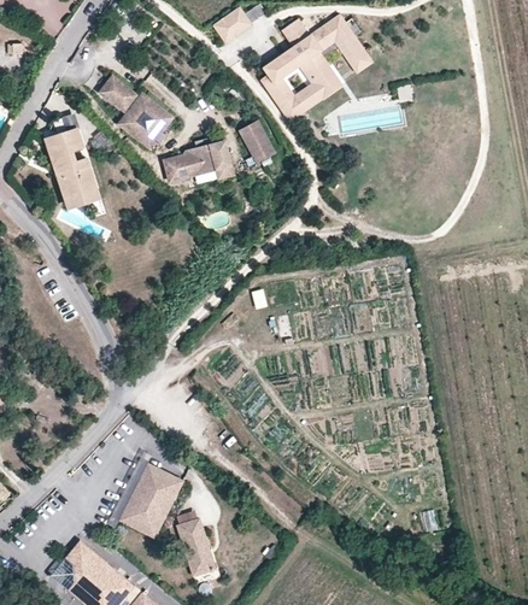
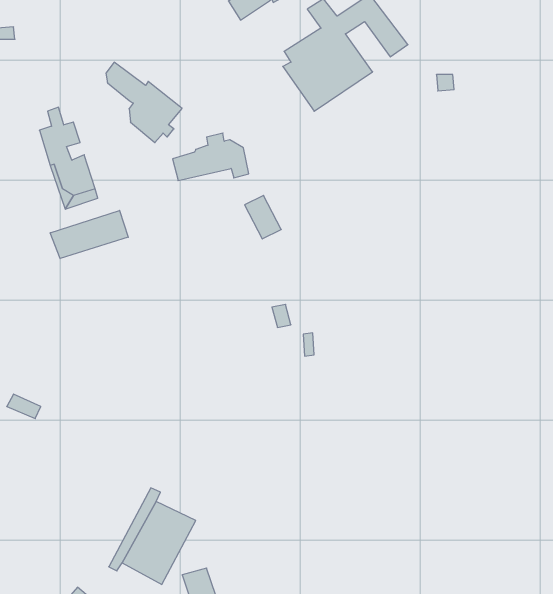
building: [241,124,274,163] -> [245,195,281,239]
building: none -> [50,210,128,259]

